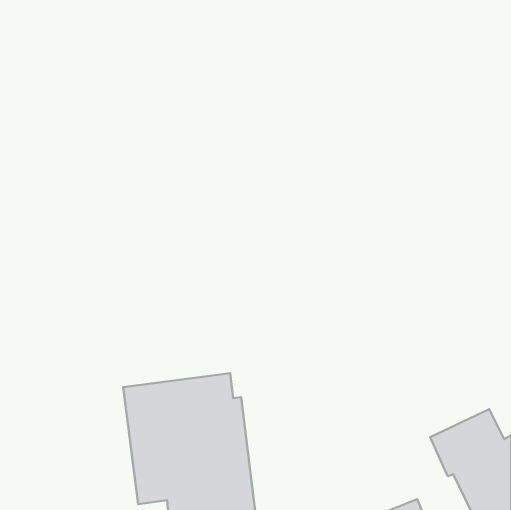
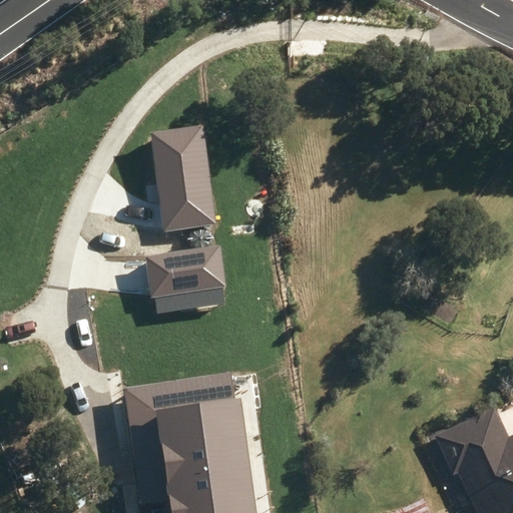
building: none -> [151,126,216,232]
building: none -> [144,246,225,298]

